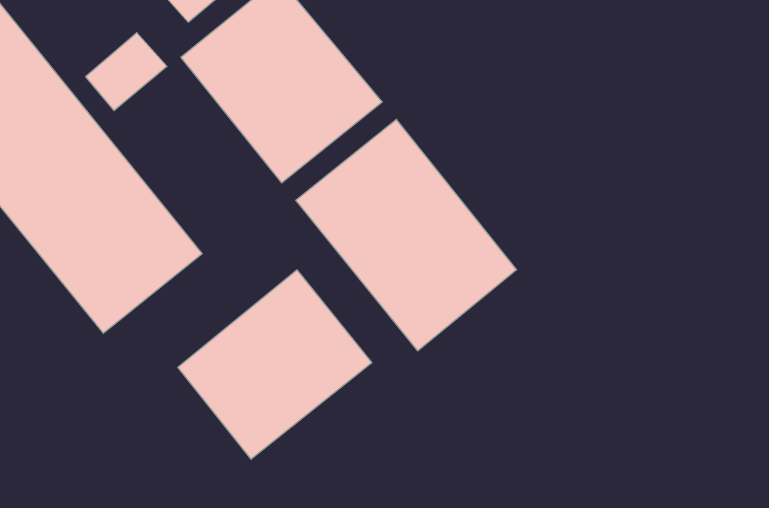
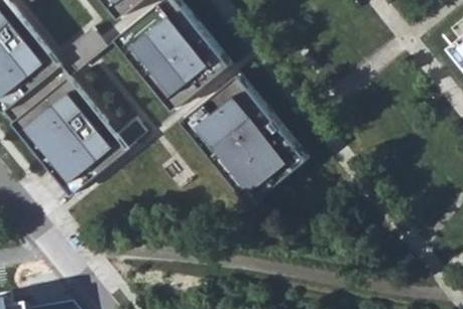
building: [178,270,372,459] -> none

